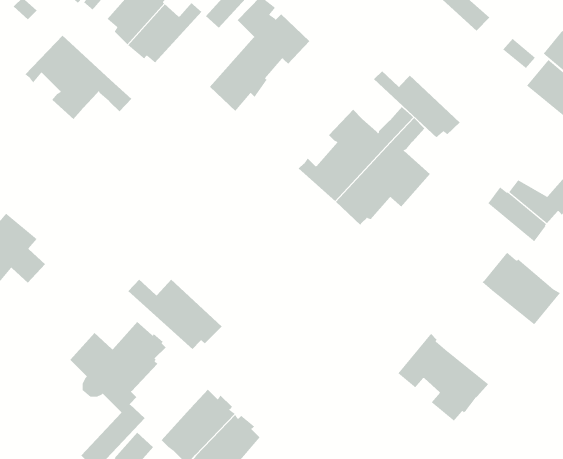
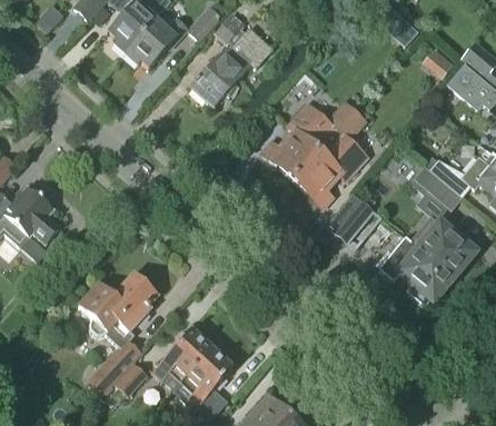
building: [25,35,132,120] -> none
building: [373,70,461,138] -> none
building: none -> [325,194,374,244]
building: [128,279,223,350] -> none
building: [397,333,489,422] -> [379,236,453,307]

